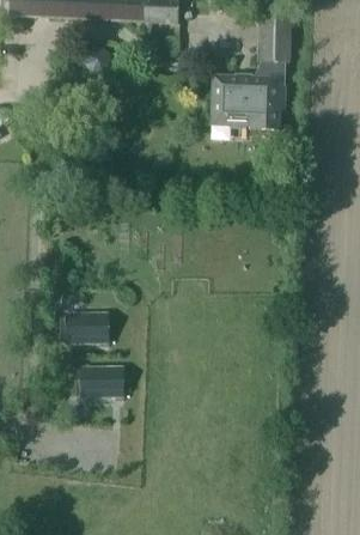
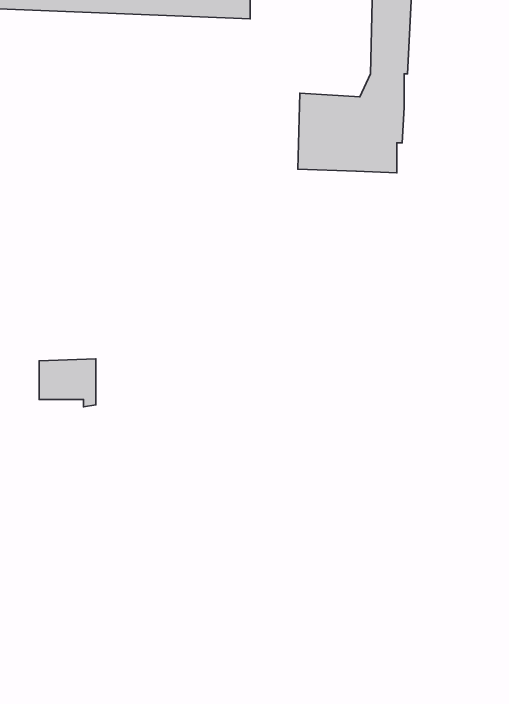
building: [69,312,108,345] -> [39,359,96,407]
building: [85,366,123,397] -> none

